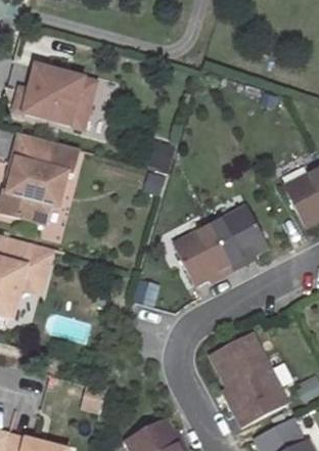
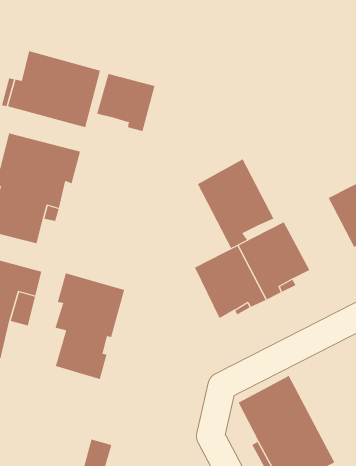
building: none -> [97,73,155,132]
building: none -> [197,159,274,249]
building: none -> [55,273,125,380]

